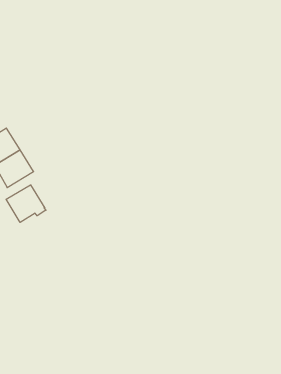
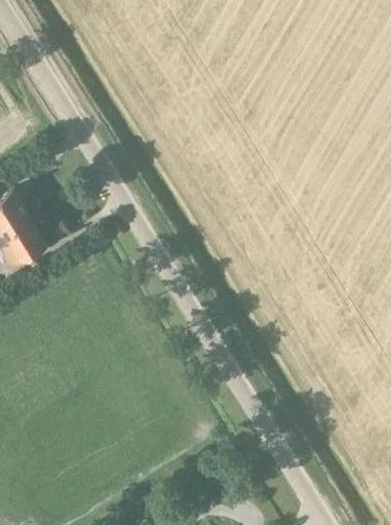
building: [6,185,46,222] -> none

